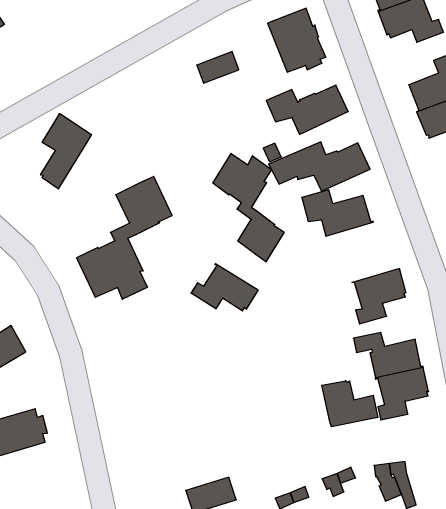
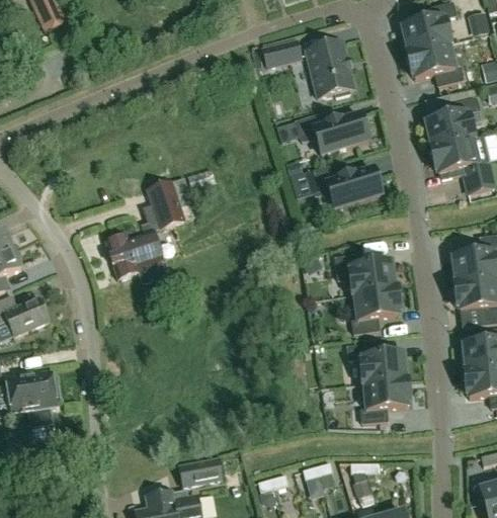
building: [197,52,239,83] -> [263,41,301,67]
building: [41,114,91,189] -> none
building: [213,153,284,262] -> none
building: [302,190,373,236] -> [335,254,397,295]
building: [191,264,258,311] -> none
building: [322,381,378,427] -> none

